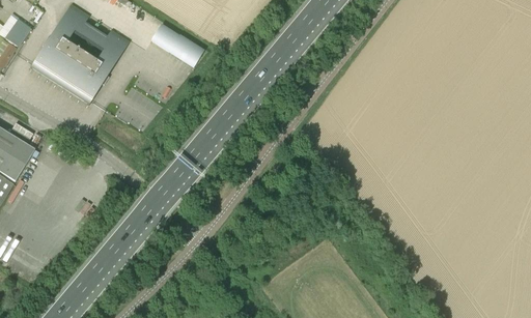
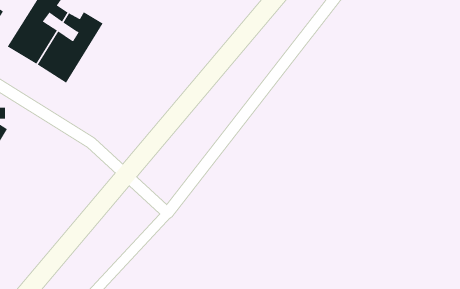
building: [150,22,204,67] -> none

